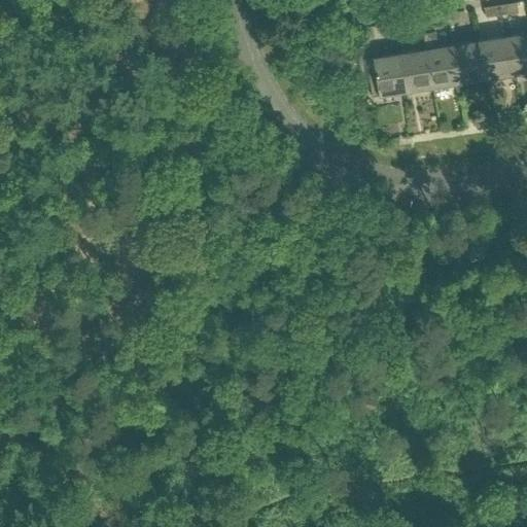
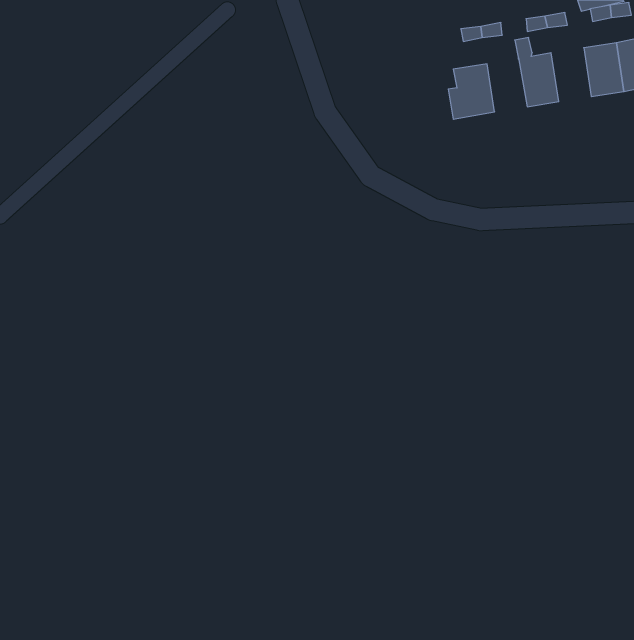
building: [458,40,491,84] -> none
building: [406,48,438,93] -> none

